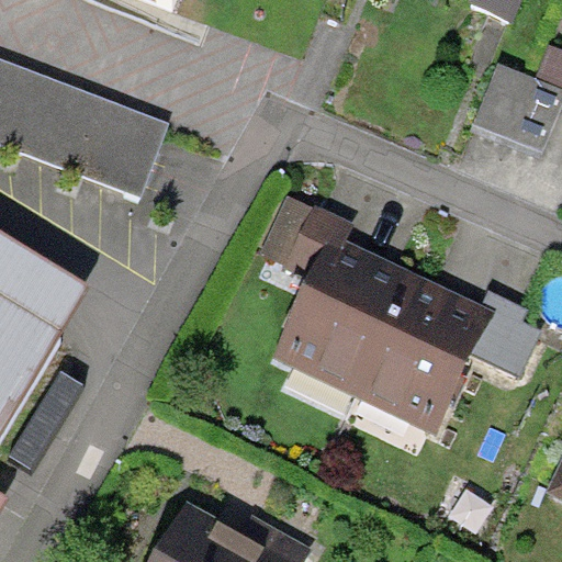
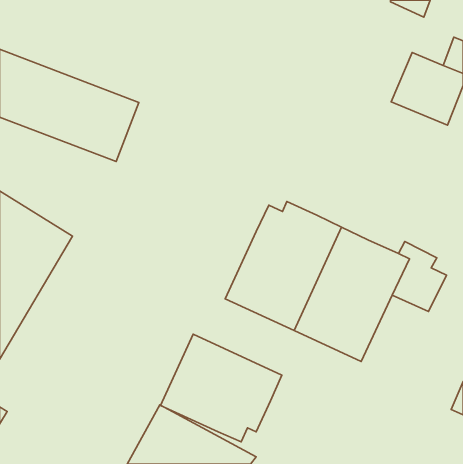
building: [260,198,356,280] -> none
building: none -> [161,334,282,442]

